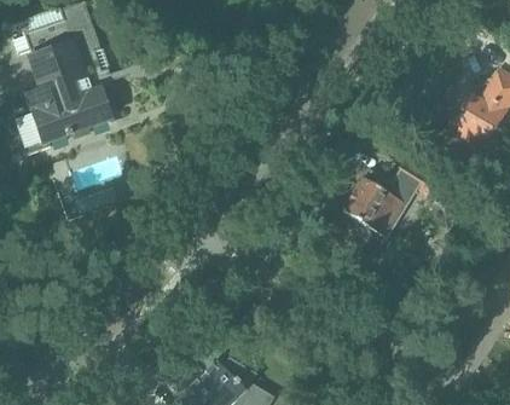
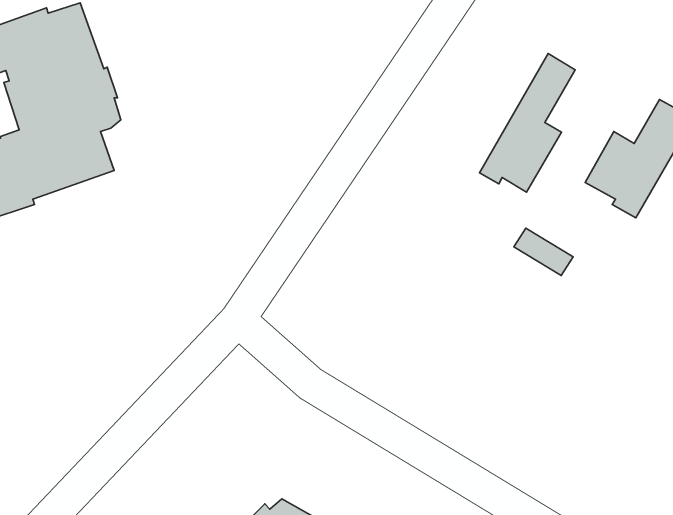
building: none -> [479,53,575,192]
building: [342,172,405,238] -> none

